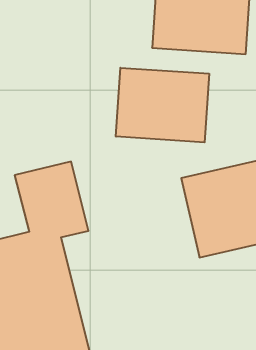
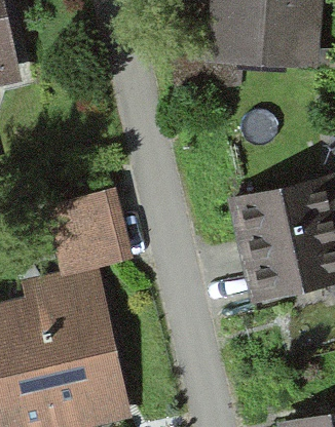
building: [116,68,209,142] -> none

